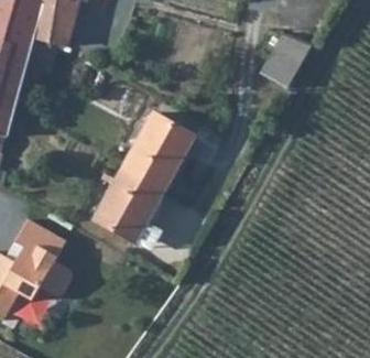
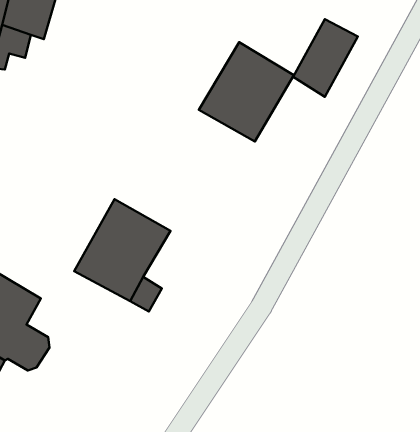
building: [122,112,195,188] -> [199,42,294,141]

